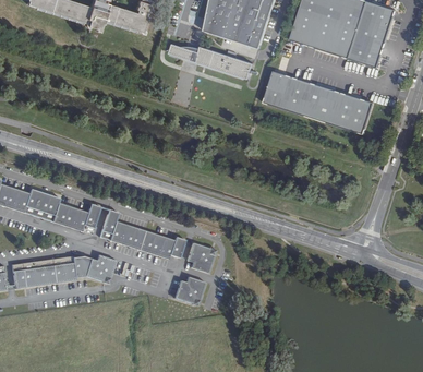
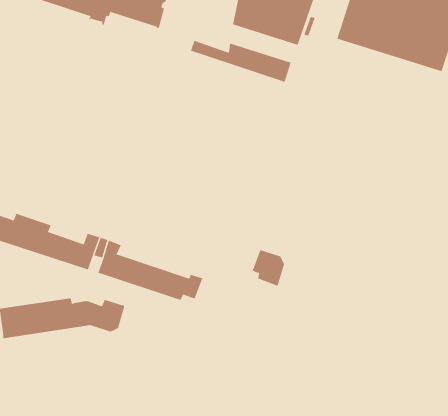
building: [263,70,373,133] -> none
building: [181,241,208,272] -> [252,250,285,287]
building: [169,274,200,301] -> none

